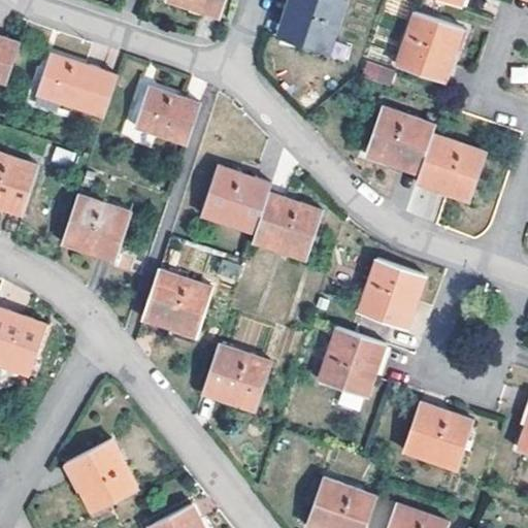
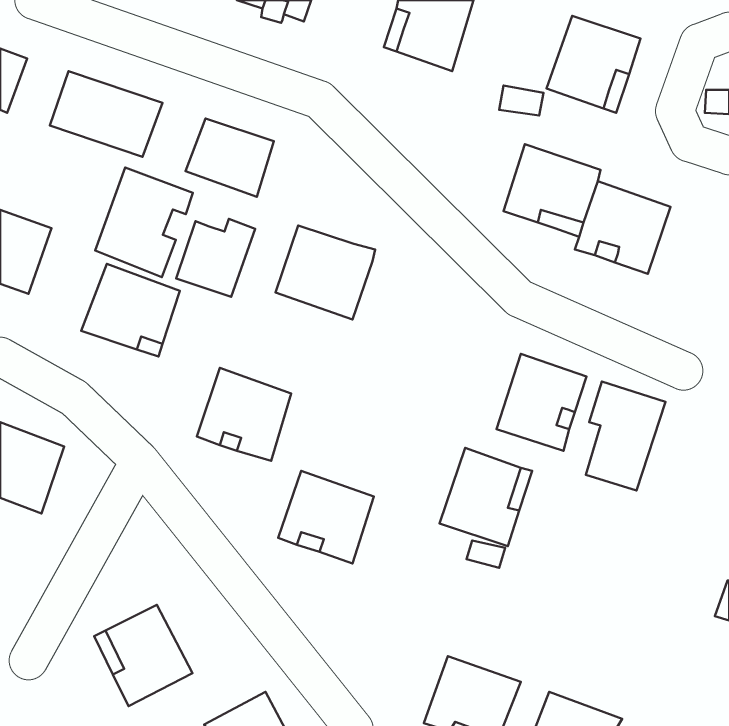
building: none -> [95,167,193,277]
building: none -> [176,219,255,297]
building: [252,191,322,260] -> none
building: none -> [586,382,665,490]
building: [400,398,471,466] -> none

